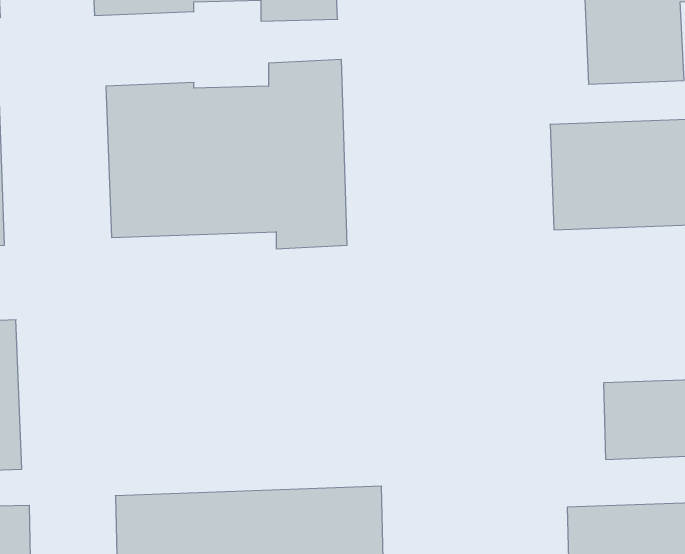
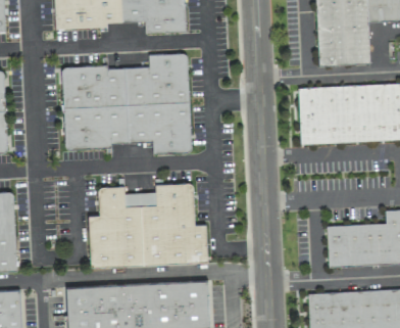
building: none -> [89,183,208,267]

